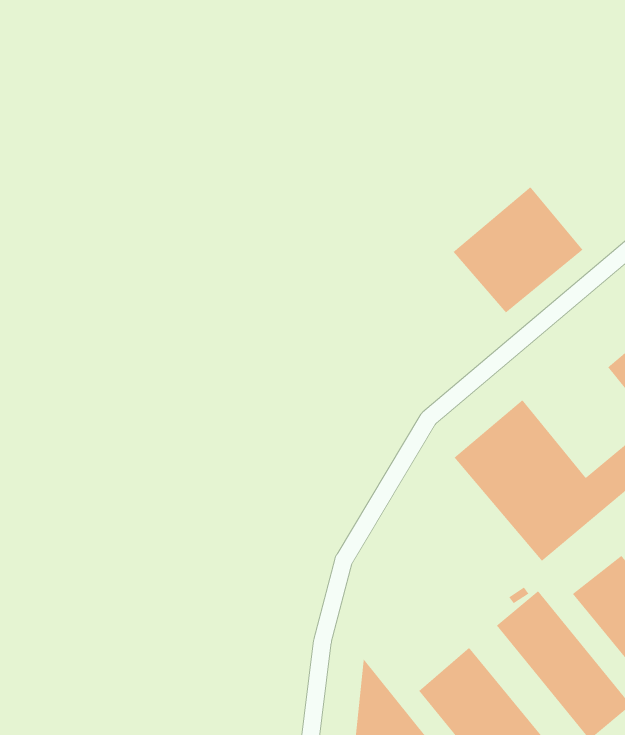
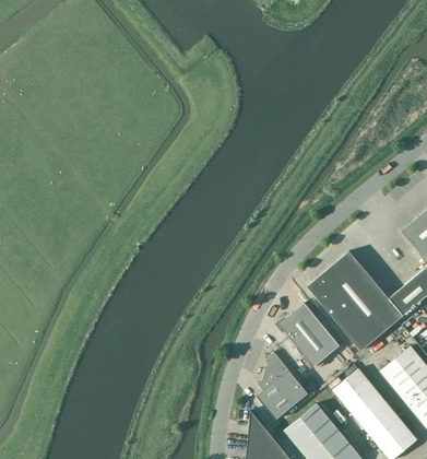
building: [453,186,584,314] -> none
building: none -> [278,303,340,367]
building: none -> [257,352,308,420]

